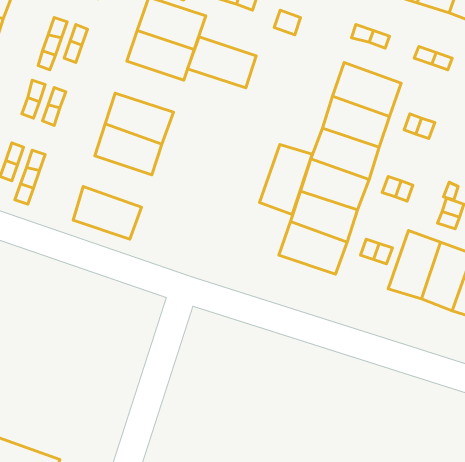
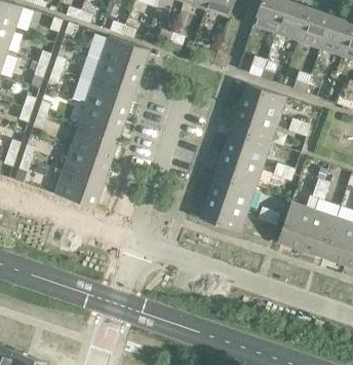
building: [188,37,256,88] -> [85,81,133,117]
building: [260,144,312,214] -> none
building: none -> [63,148,111,184]

